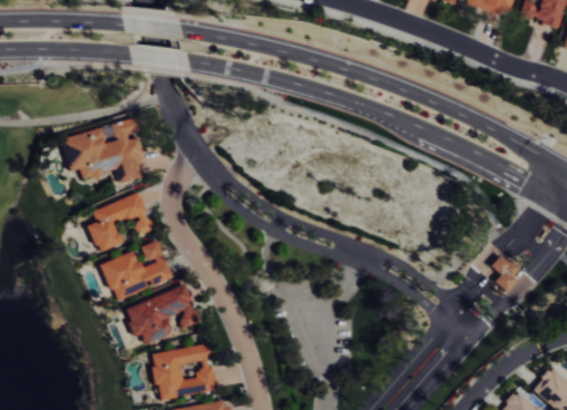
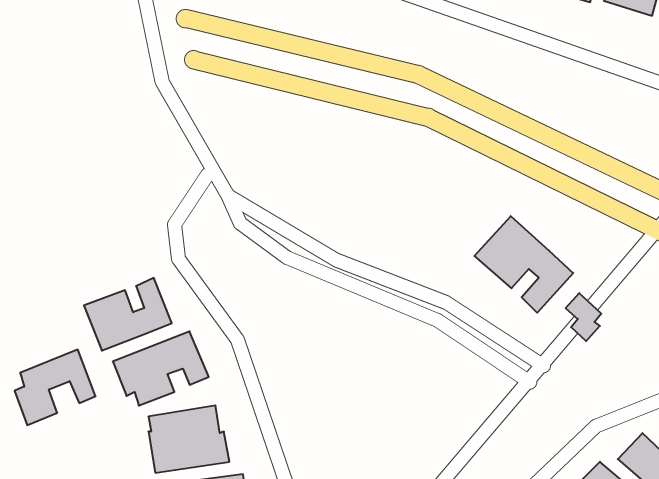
building: [60,119,141,183] -> none
building: none -> [474,216,573,313]
building: [87,192,153,253] -> [15,350,96,425]

